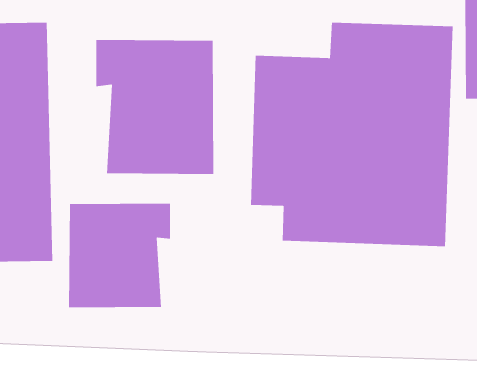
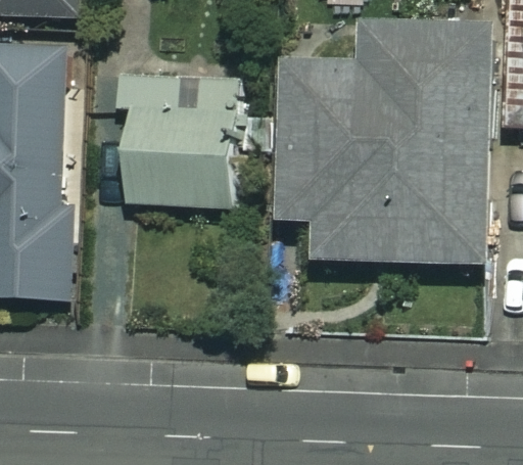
building: [69,203,170,308] -> none

